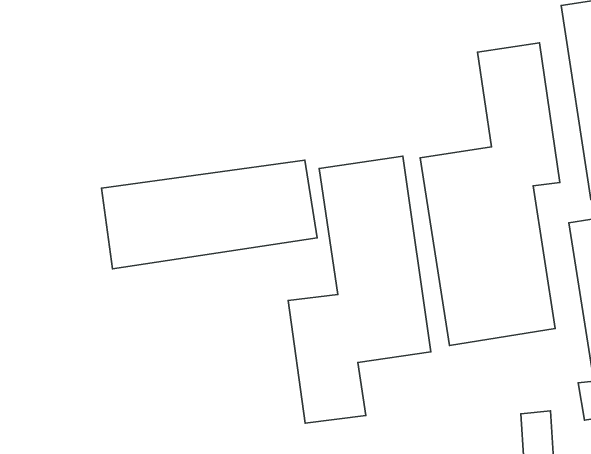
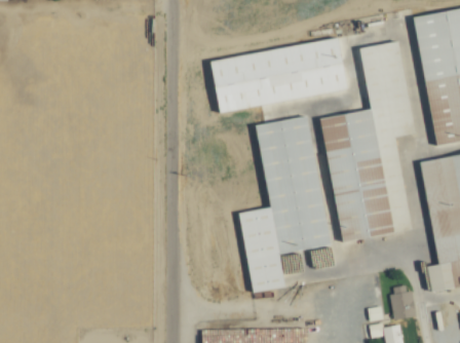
building: [102,160,317,269] -> [207,40,350,112]

